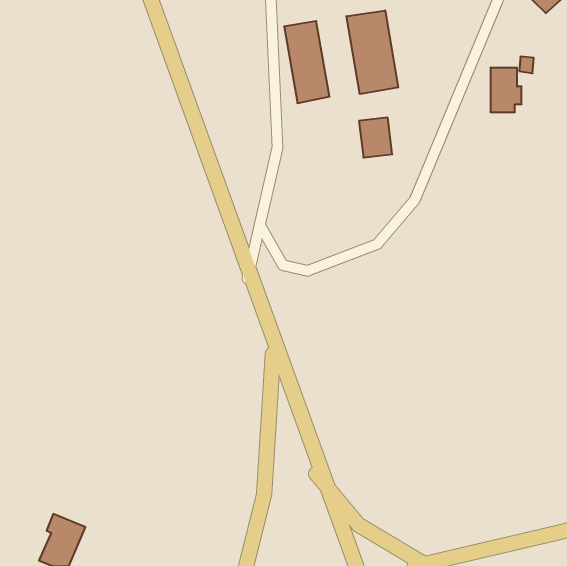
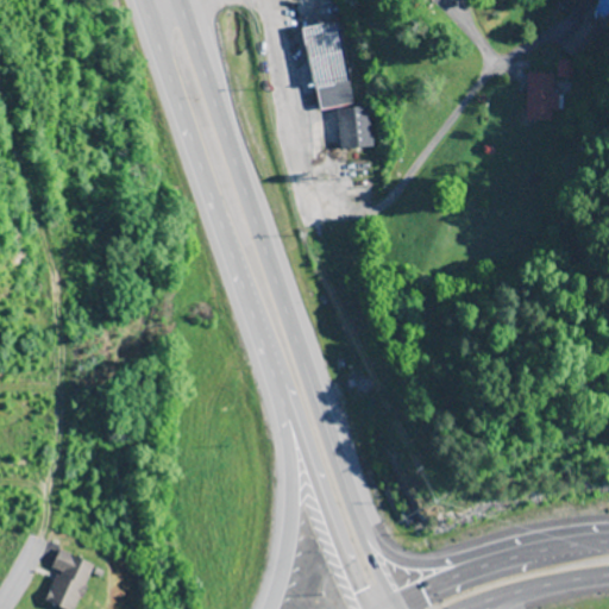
building: [346,10,398,94] -> none
building: [359,118,392,158] -> [338,106,373,149]

